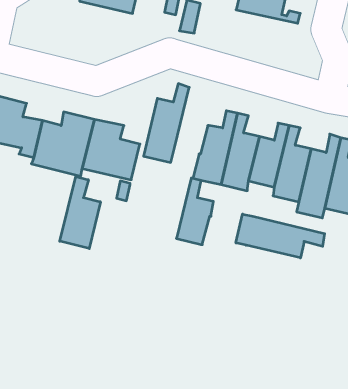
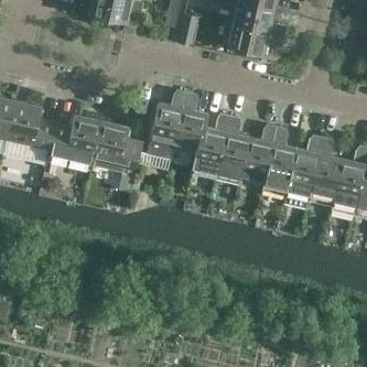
building: none -> [225,22,285,55]
building: [60,176,100,249] -> none
building: [176,178,213,245] -> [175,91,208,151]
building: [236,214,325,258] -> none

